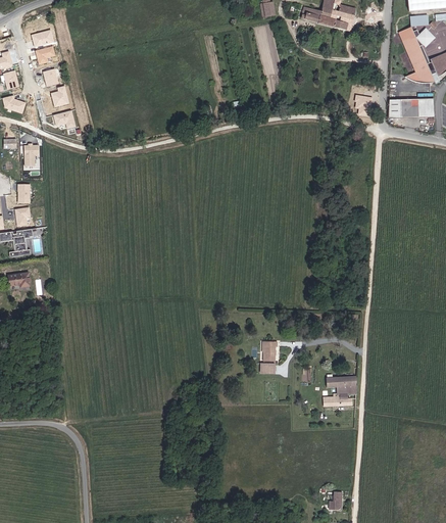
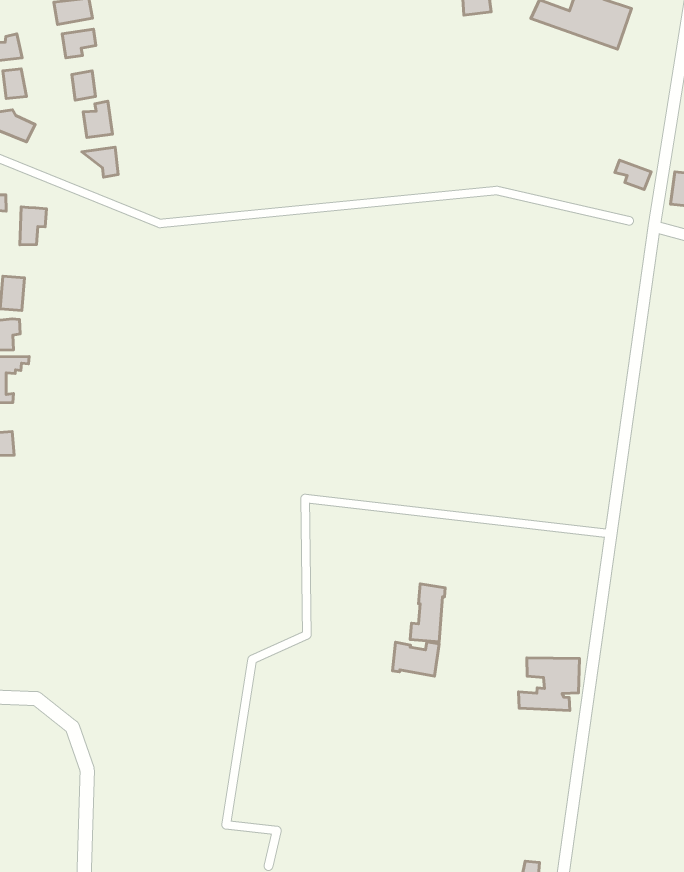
building: none -> [393,642,439,676]

